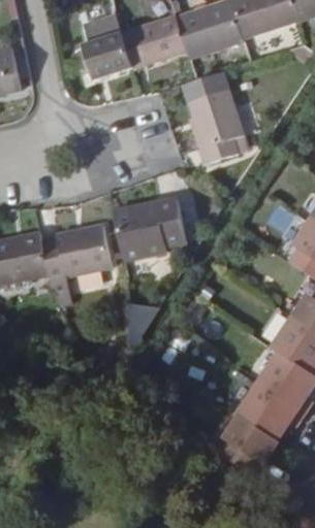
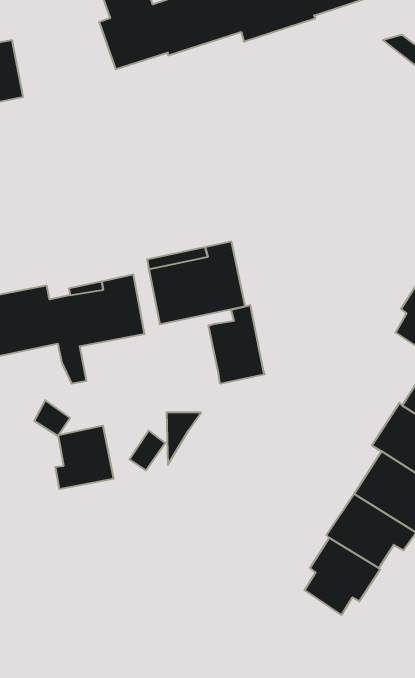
building: [180,71,246,162] -> none
building: none -> [209,305,265,384]
building: none -> [55,426,113,489]

